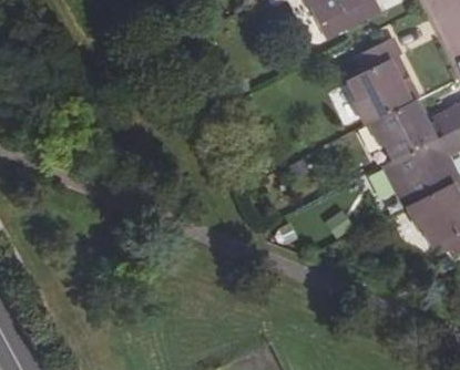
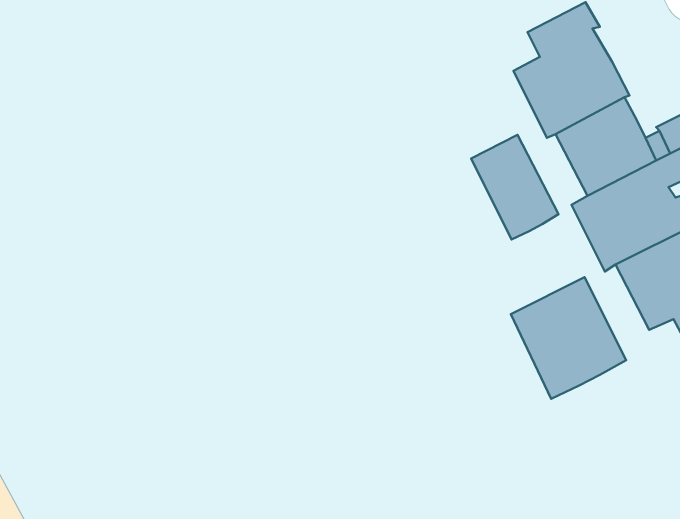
building: none -> [471,135,558,240]
building: none -> [511,277,626,399]

